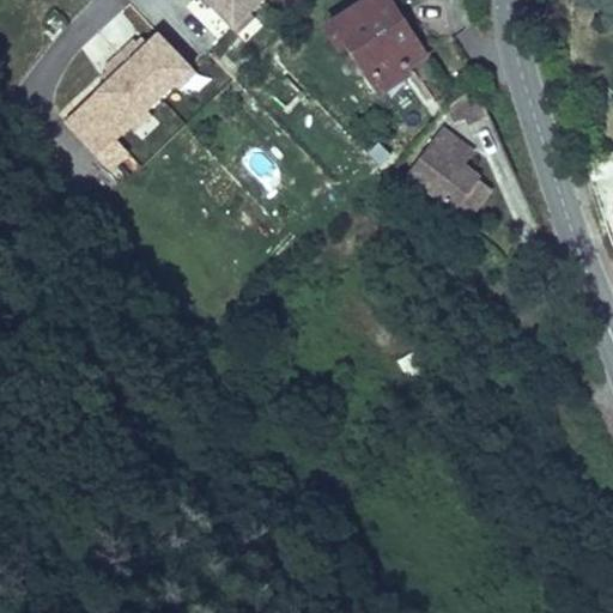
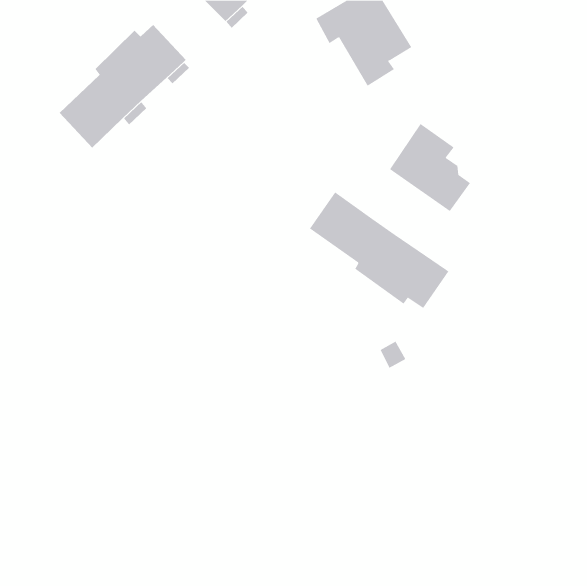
building: none -> [309,192,449,309]

